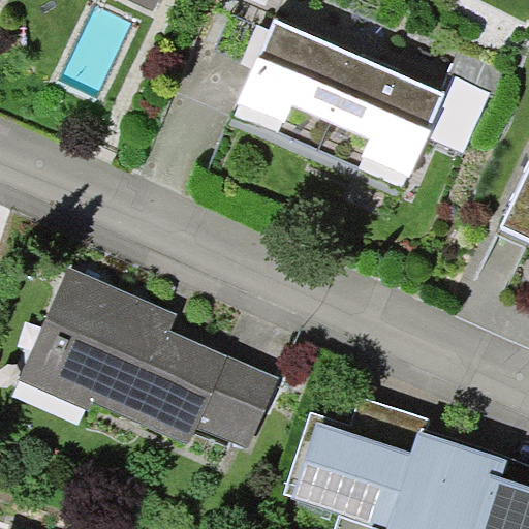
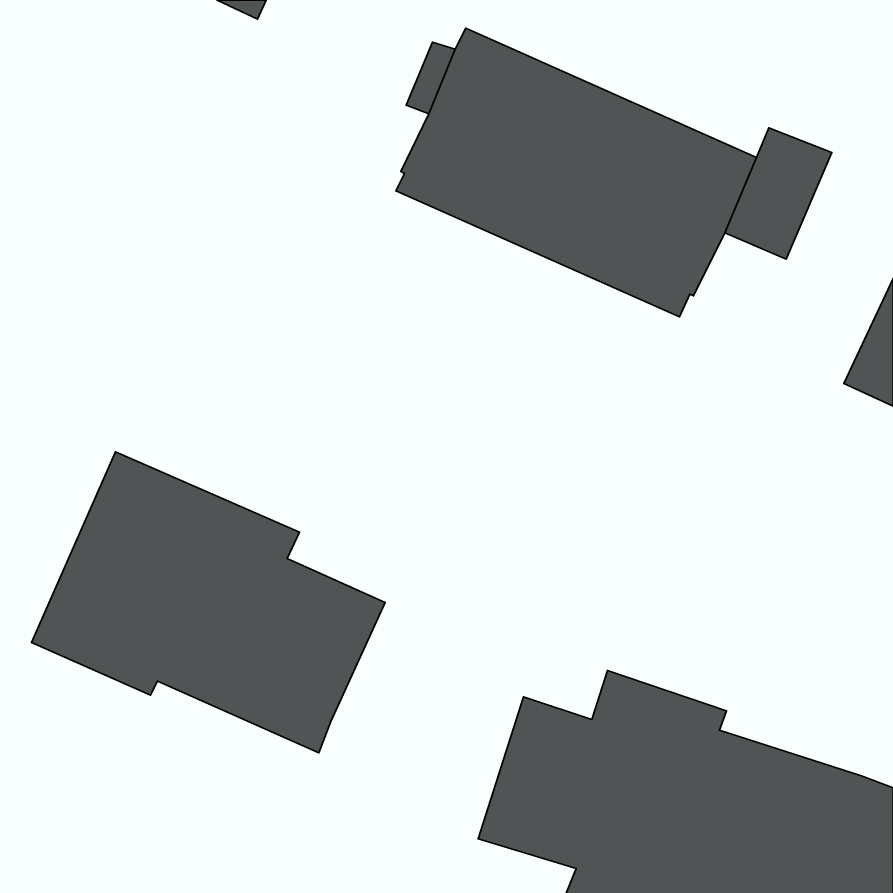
building: [195,356,278,449] -> none

